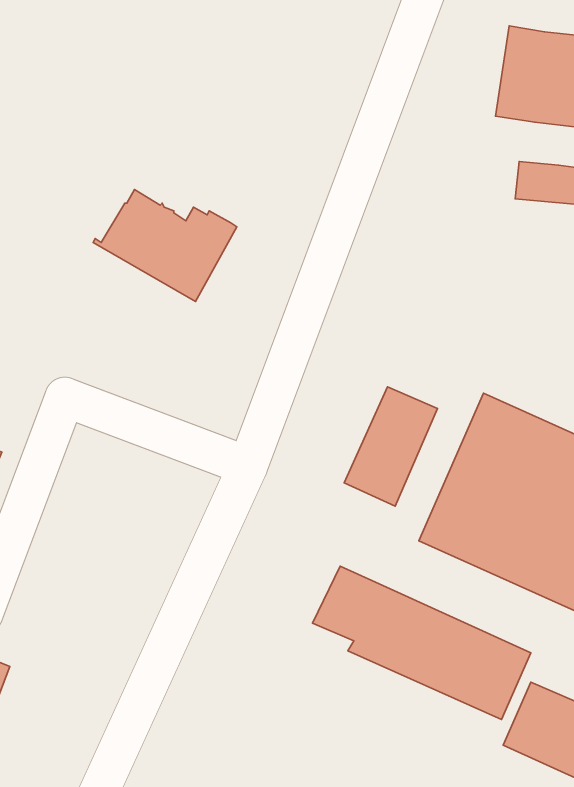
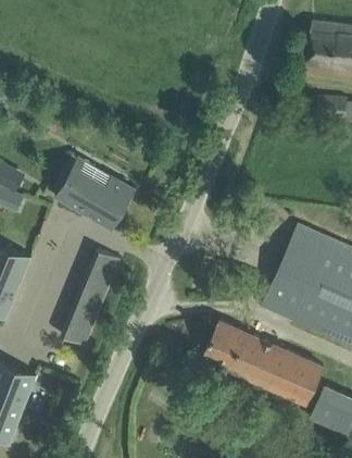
building: [93,189,237,301] -> [54,168,134,230]
building: [344,387,437,506] -> none
building: none -> [64,246,124,345]

